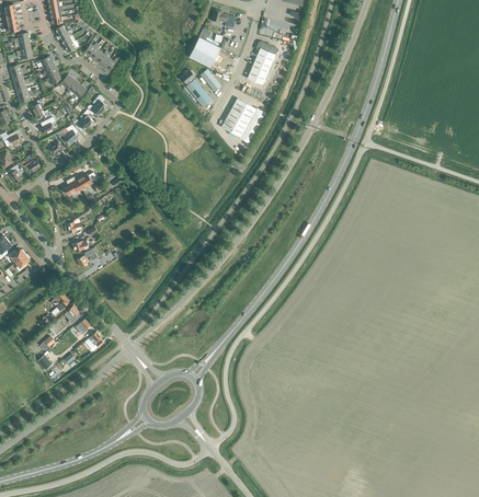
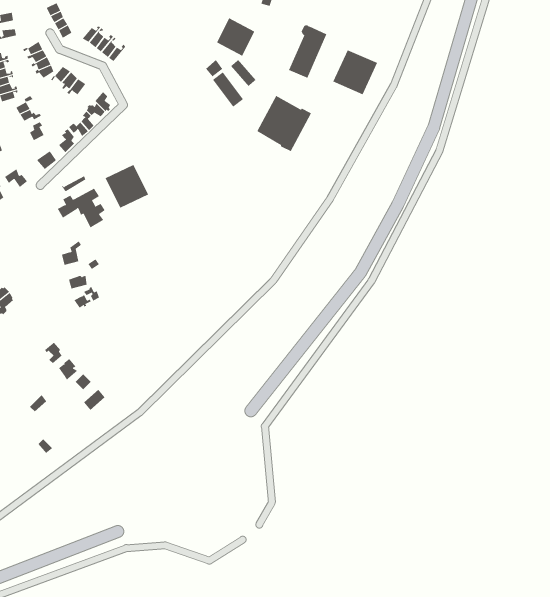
building: none -> [332,49,378,95]
building: none -> [105,164,149,208]

